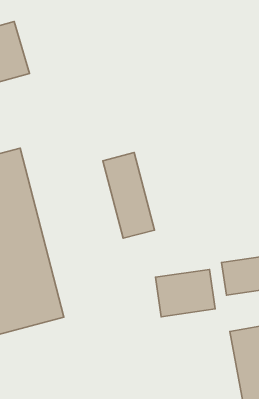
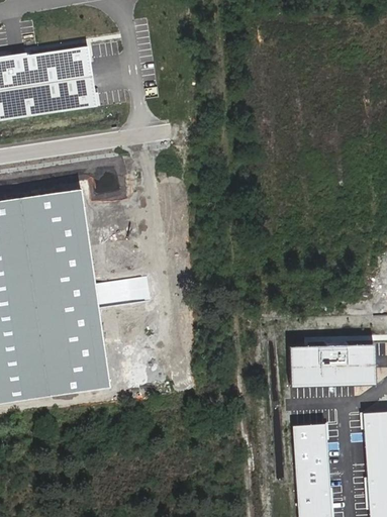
building: [103,153,155,238] -> none
building: [156,269,215,317] -> none

